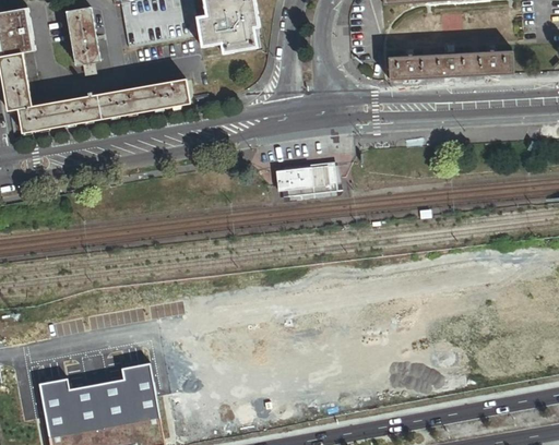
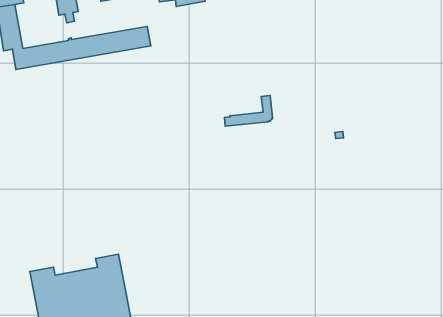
building: [389,50,513,79] -> none
building: [275,165,330,191] -> none

